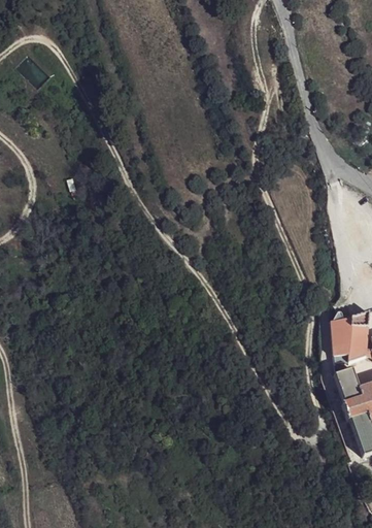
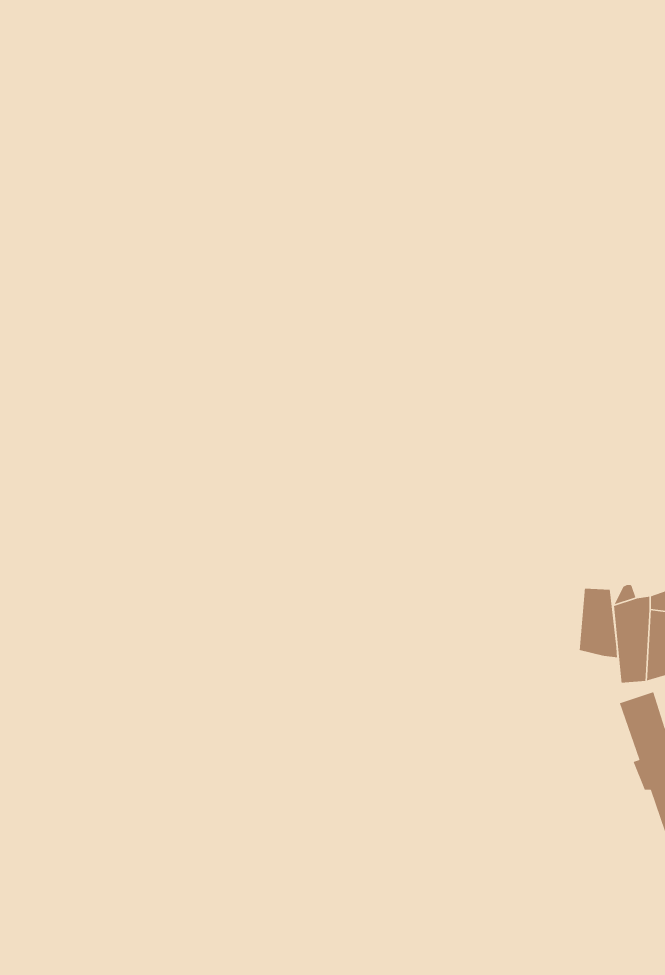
building: none -> [579,588,618,658]

